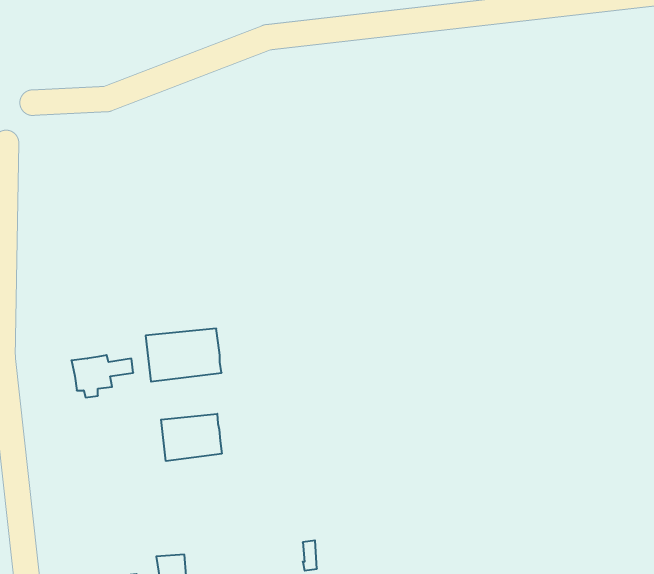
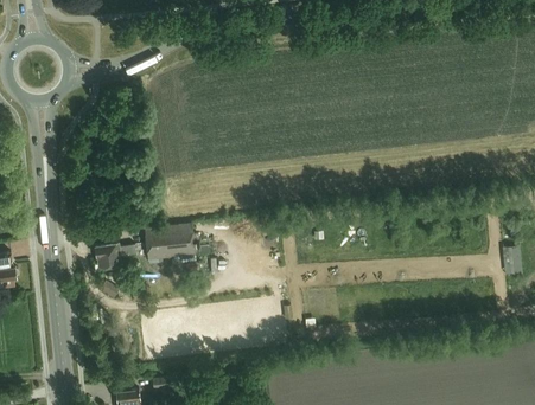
building: [161,414,222,461] -> none

